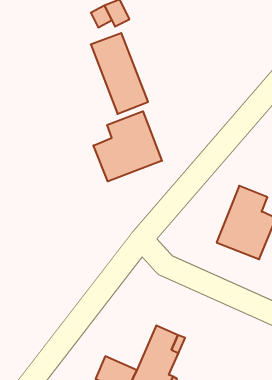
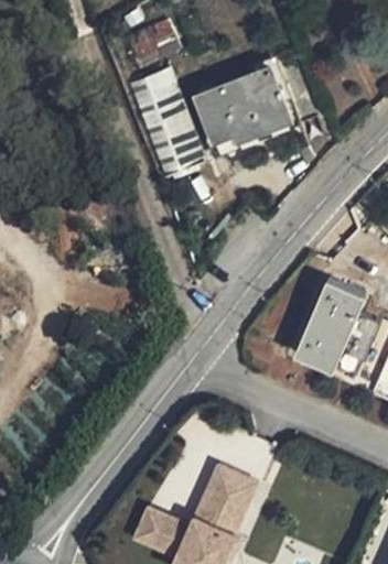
building: none -> [195,66,289,140]
building: [93,111,162,181] -> none

